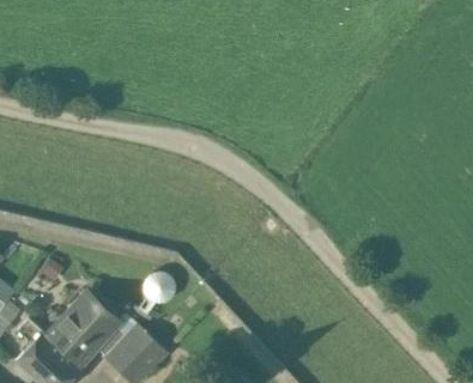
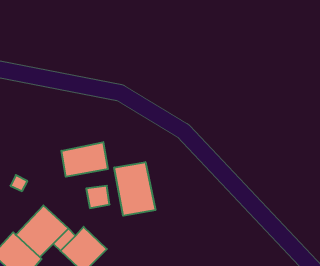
building: none -> [61,142,108,177]
building: none -> [114,162,155,216]

